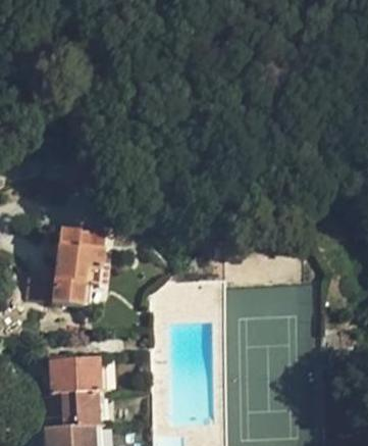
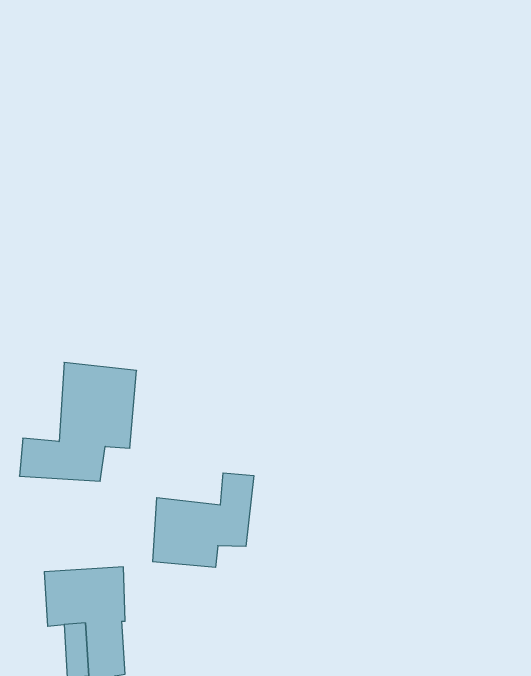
building: none -> [153,473,254,567]

